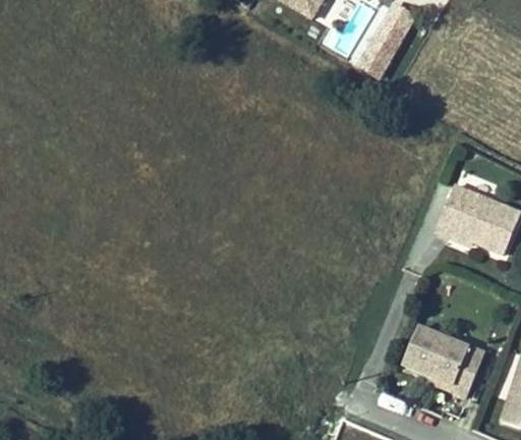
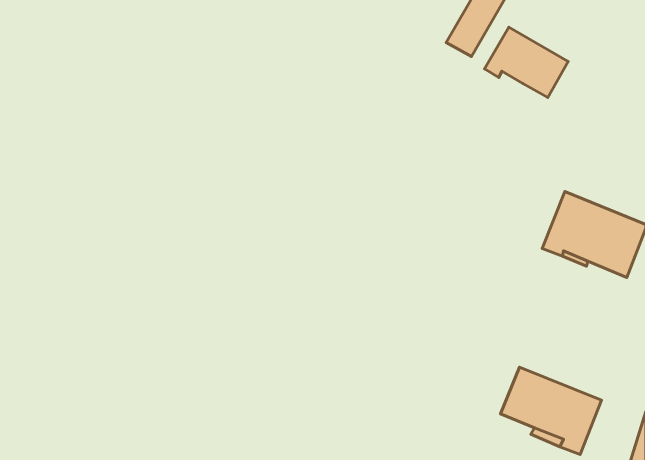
building: none -> [485,27,568,98]

